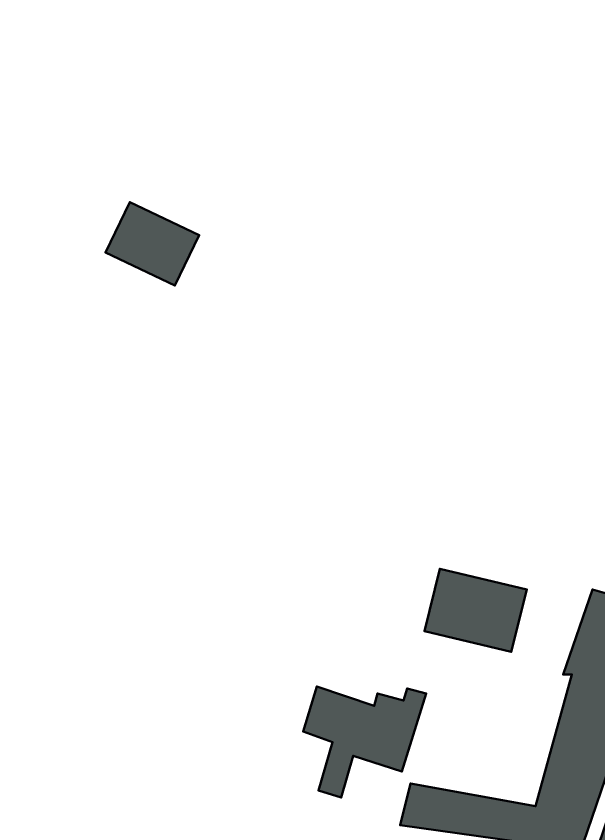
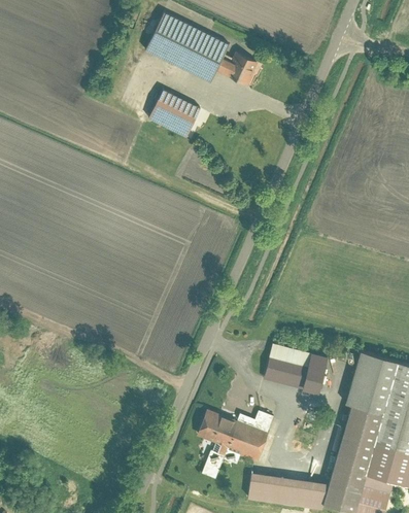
building: none -> [150,19,266,91]
building: [106,202,199,285] -> [145,90,201,139]

